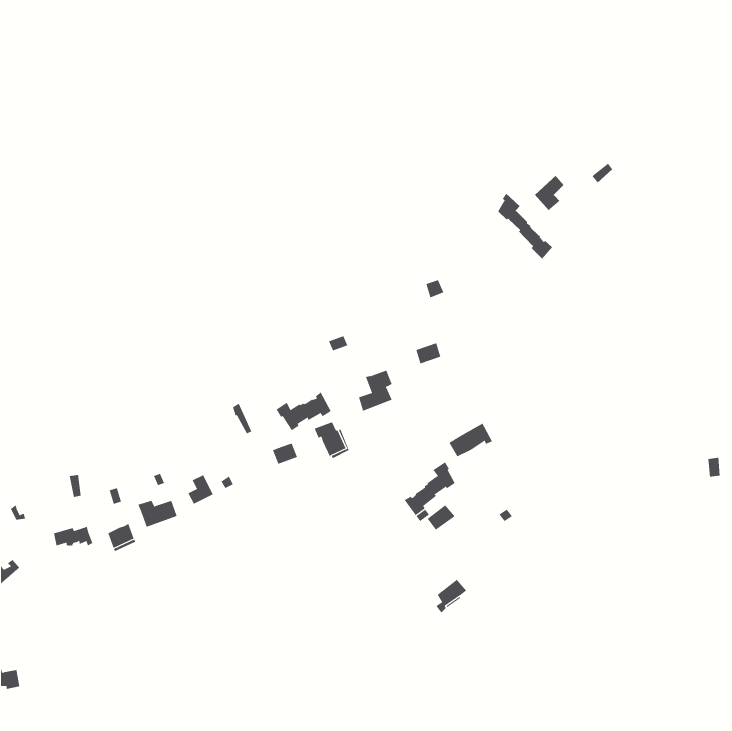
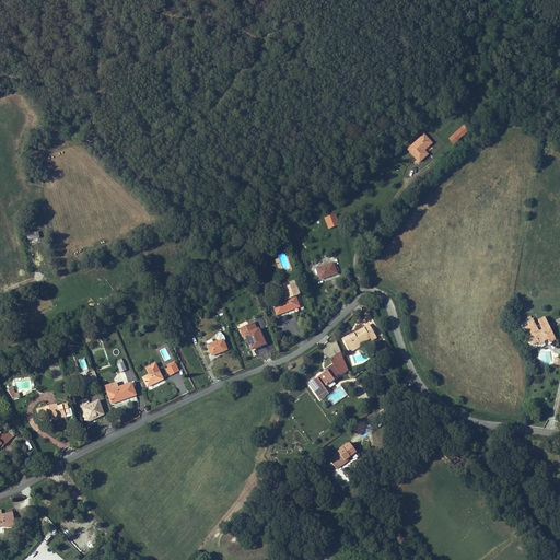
building: [497,193,553,259] -> none
building: [276,391,332,431] -> none
building: none -> [525,316,555,342]

